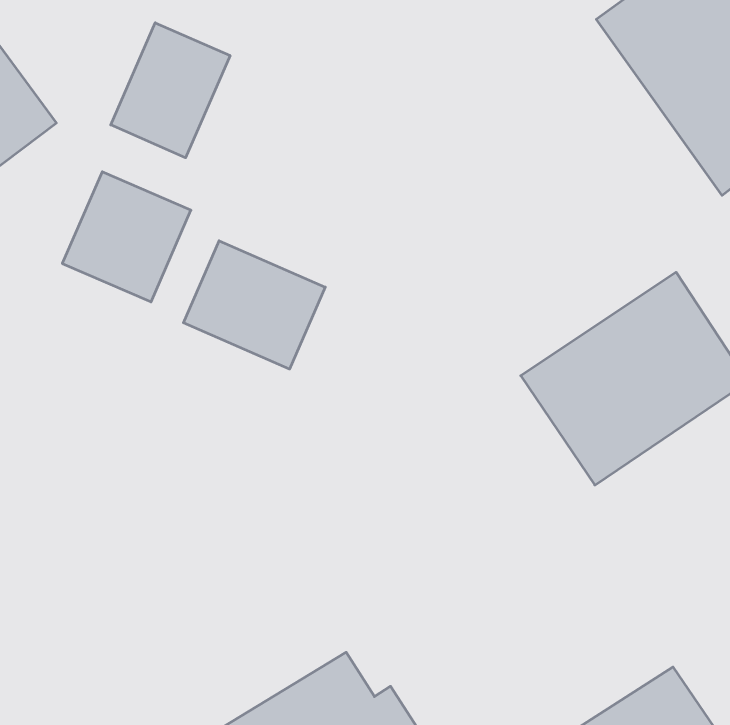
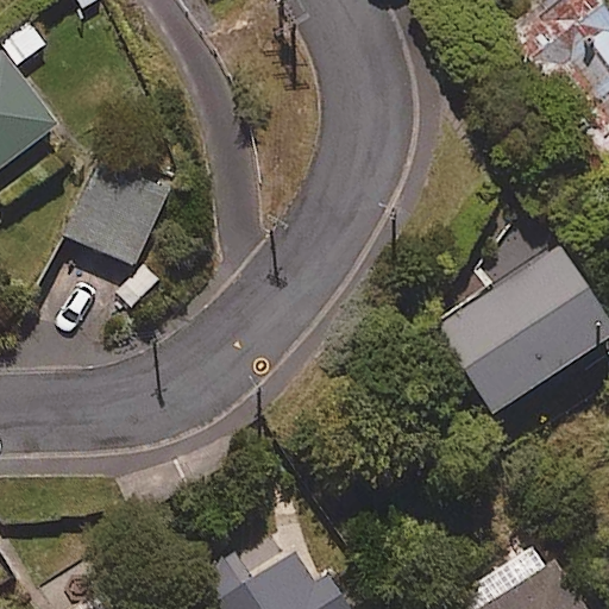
building: [111,23,230,158] -> none
building: [183,241,325,369] -> none

